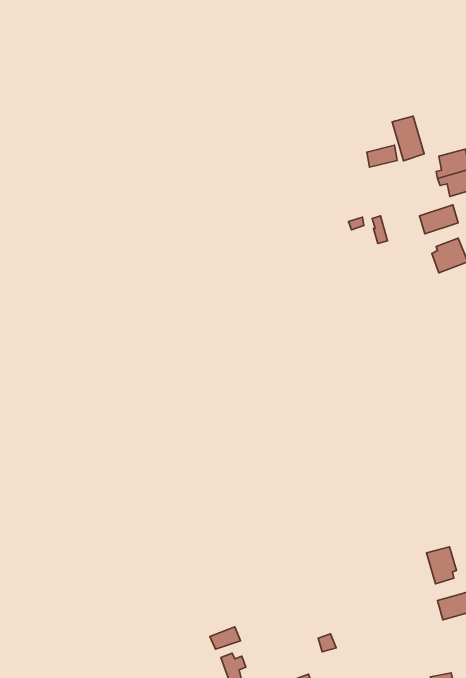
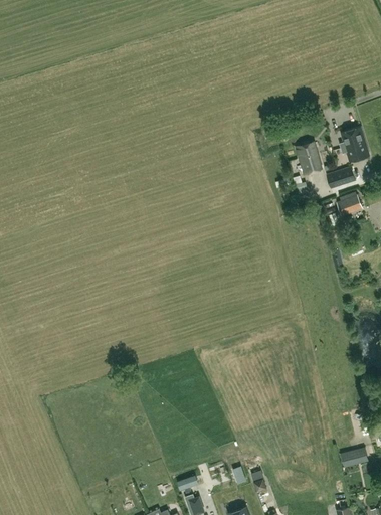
building: [392,116,424,161] -> [297,144,320,176]
building: [426,547,457,584] -> none

